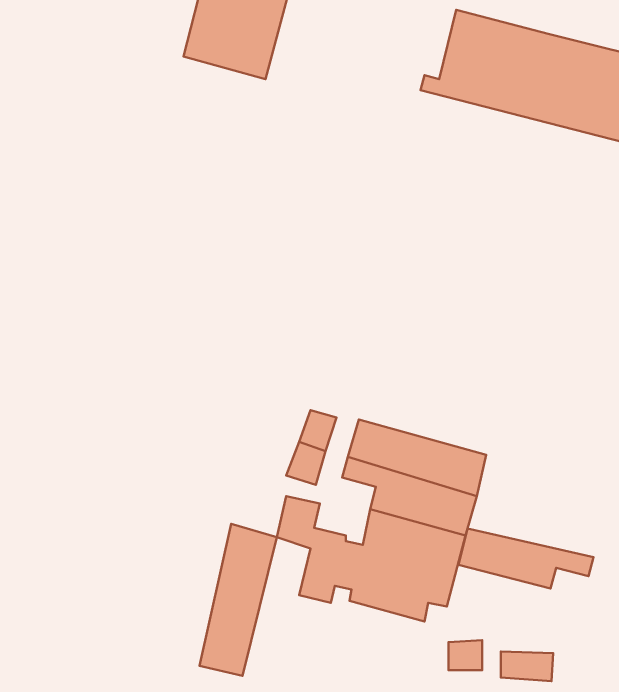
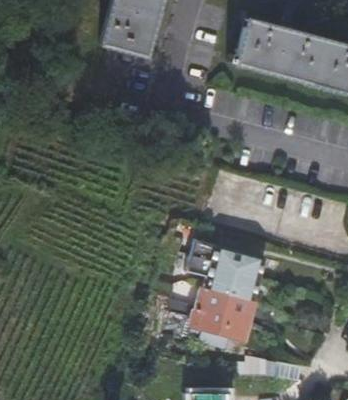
building: [200,524,277,676] -> none
building: [458,528,594,588] -> none

